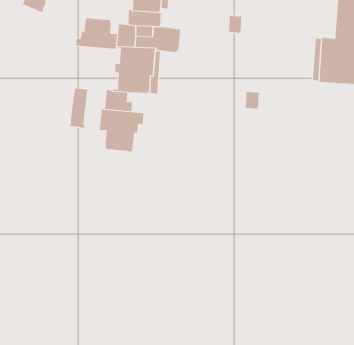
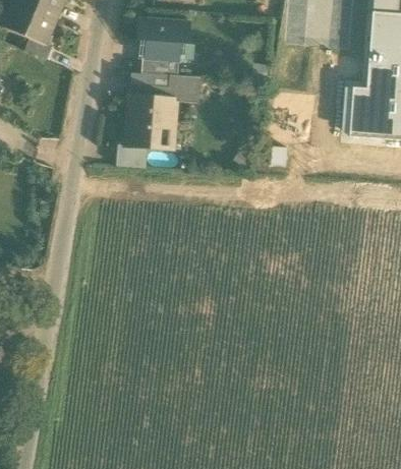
building: [76,17,117,50] -> none
building: [70,87,89,128] -> none
building: [99,109,144,152] -> none

